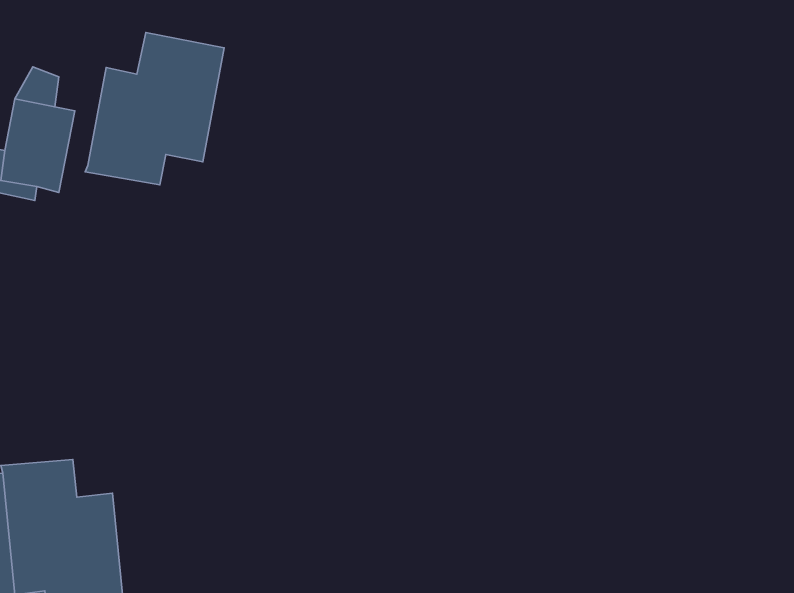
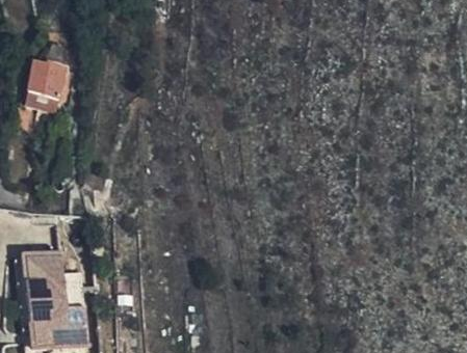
building: [85,32,224,185] -> none

